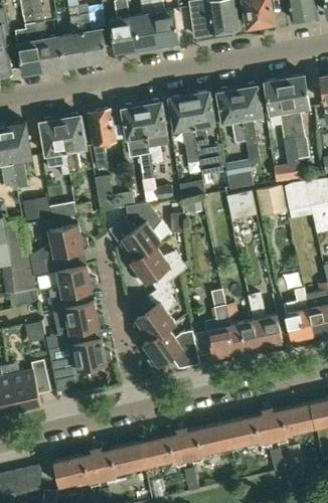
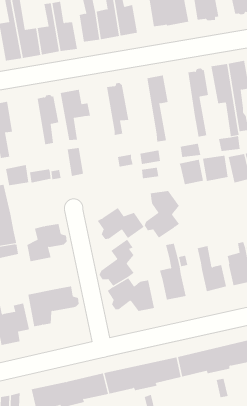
building: [216,89,244,143] -> none
building: [169,96,199,163] -> none
building: [121,106,154,180] -> none
building: [39,119,68,175] -> none
building: [119,204,161,261] -> [144,191,180,238]
building: [29,225,88,277] -> none
building: [45,303,103,350] -> none
building: [229,321,259,352] -> none

